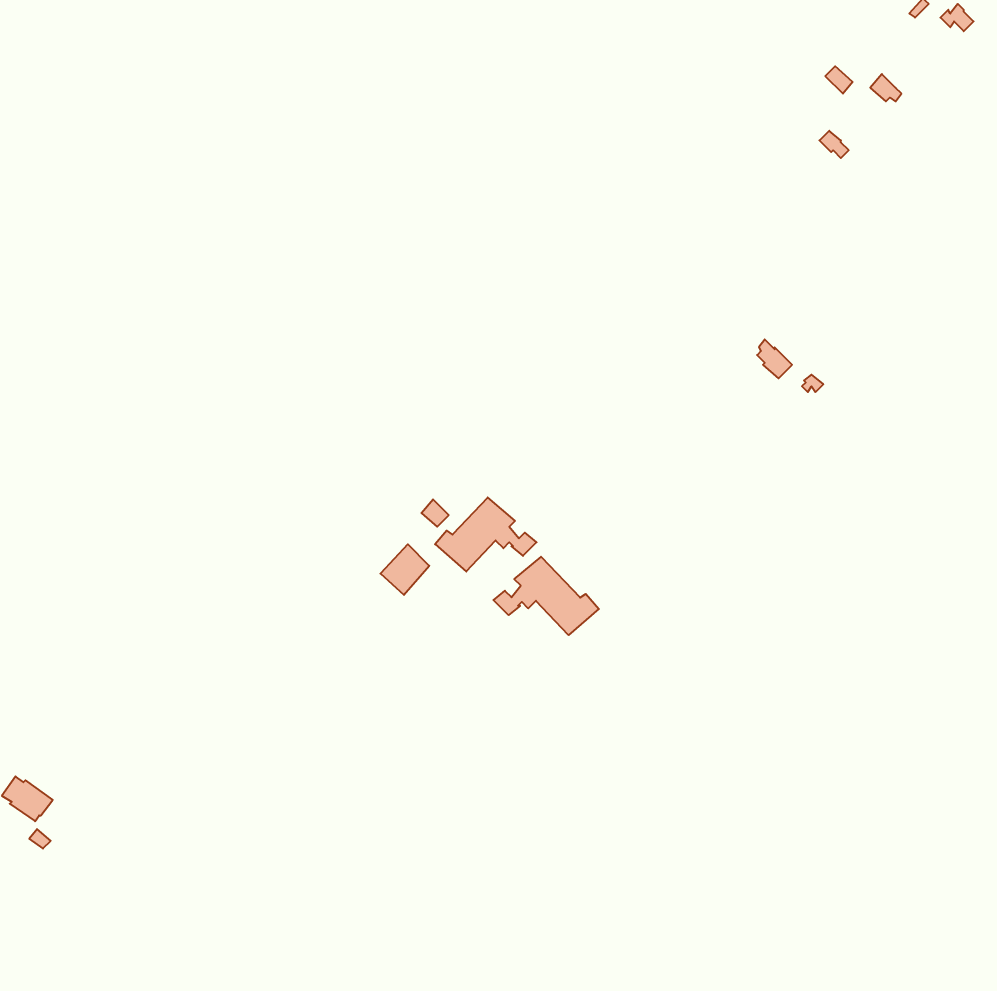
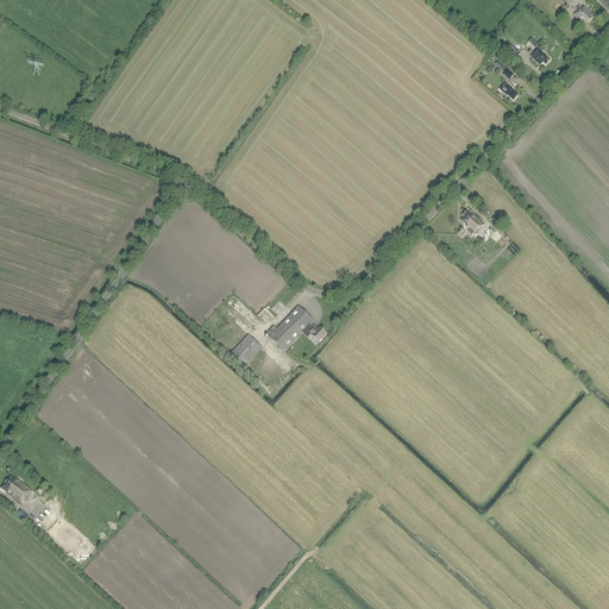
building: [493,557,599,635] -> none

